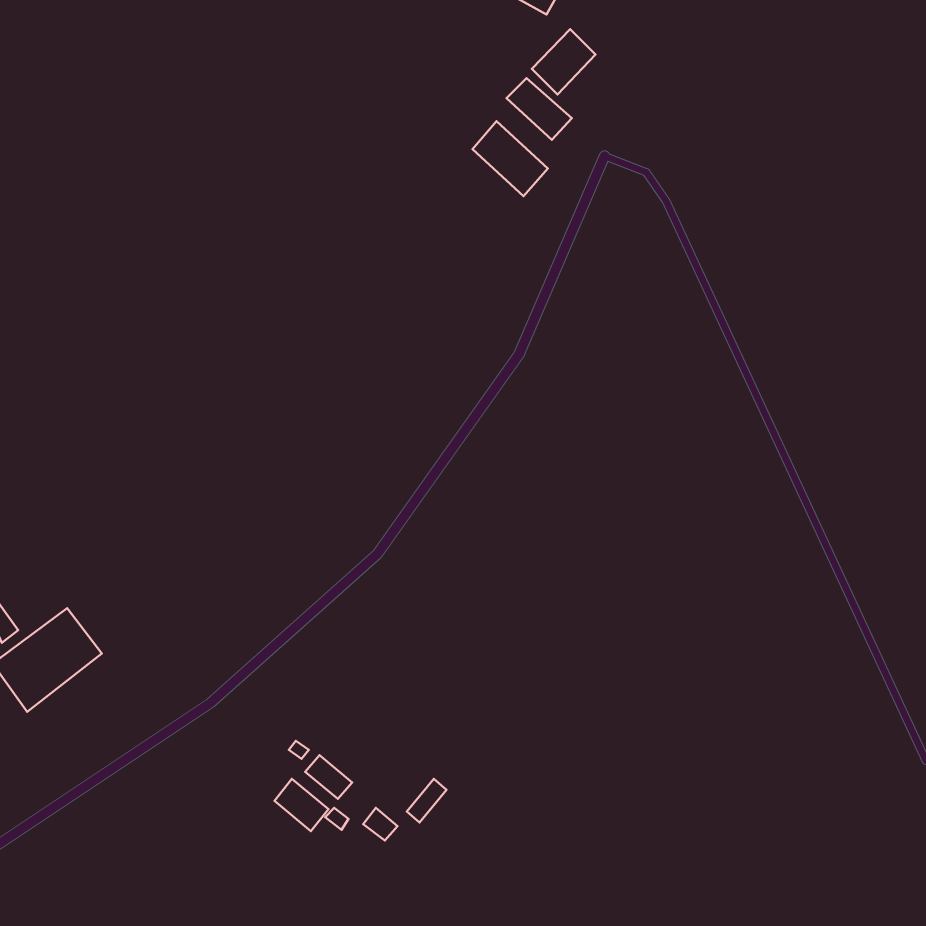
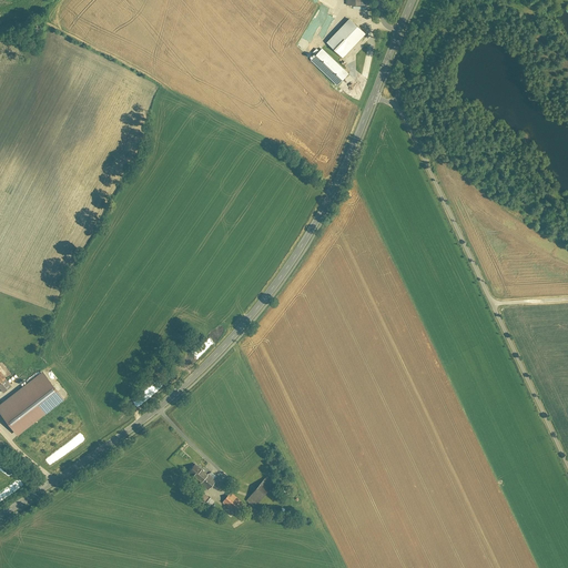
building: [472,121,548,196] -> none
building: [274,779,328,831] -> none

